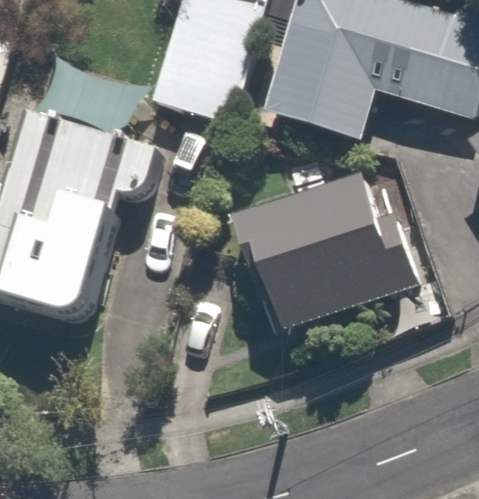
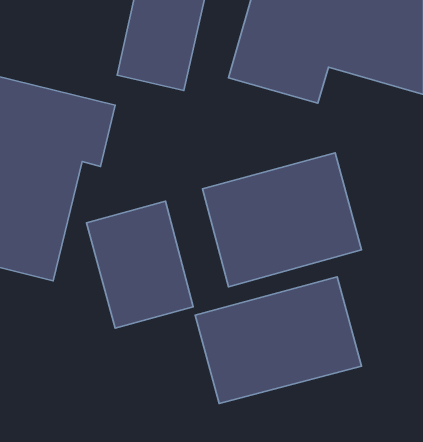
building: none -> [87,201,193,328]
building: none -> [195,277,361,404]

